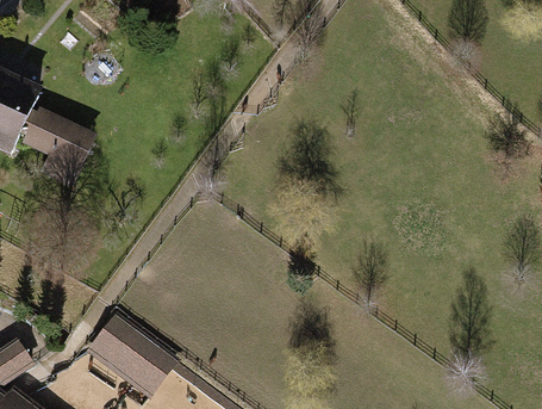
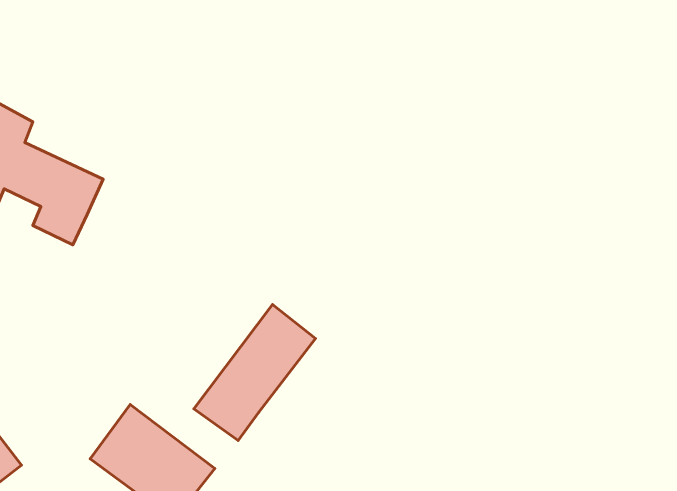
building: none -> [194,305,315,440]

